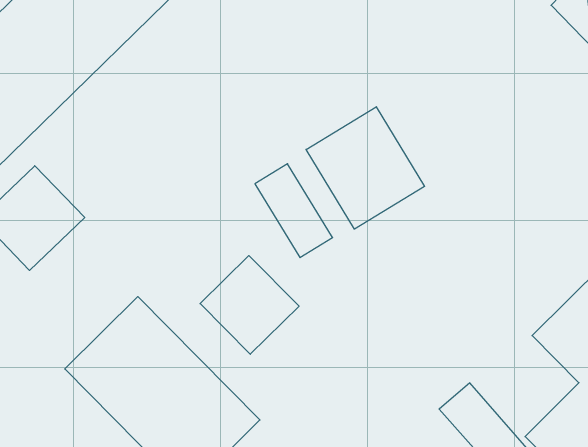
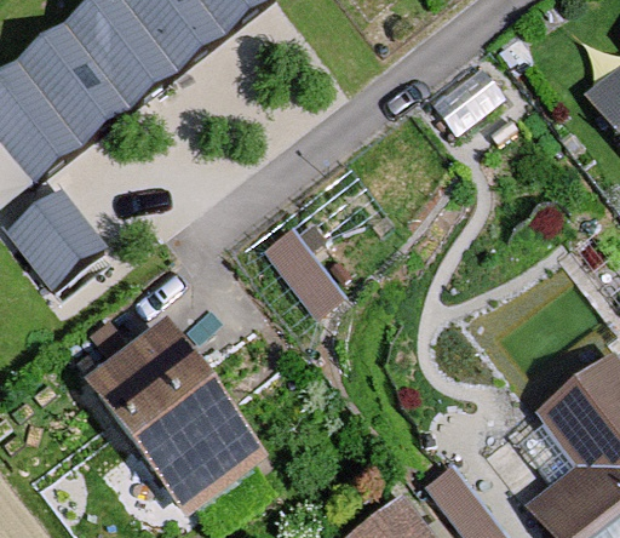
building: [306,107,425,229] -> none
building: [200,256,299,354] -> none

